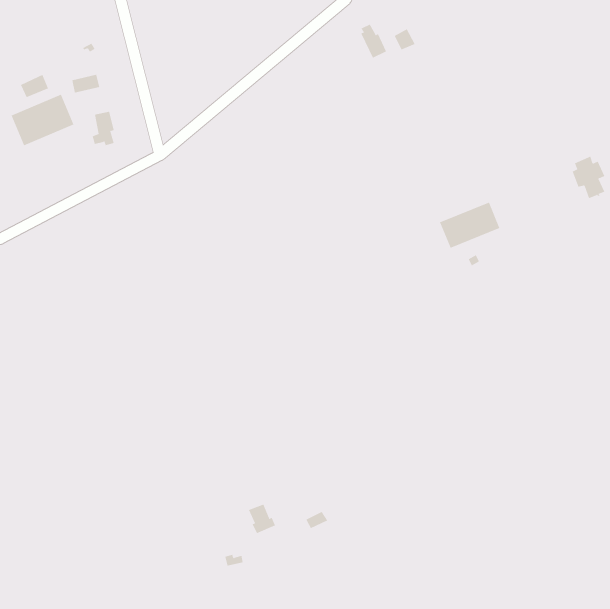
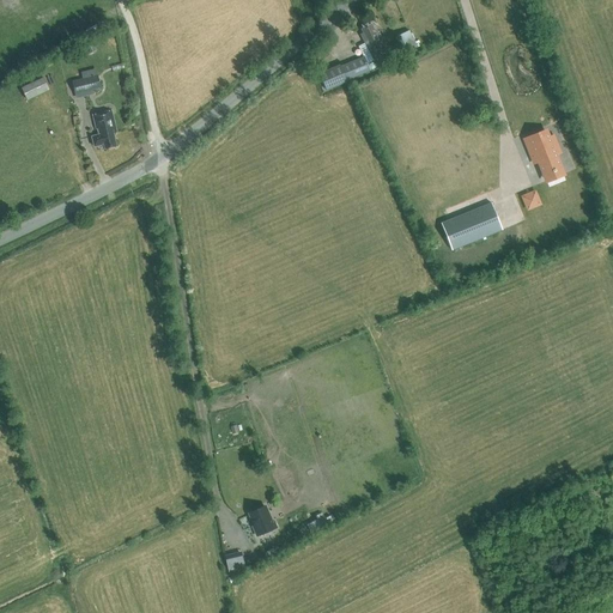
building: none -> [318,56,369,90]
building: [11,94,74,146] -> none
building: [572,156,605,199] -> [527,131,560,174]

